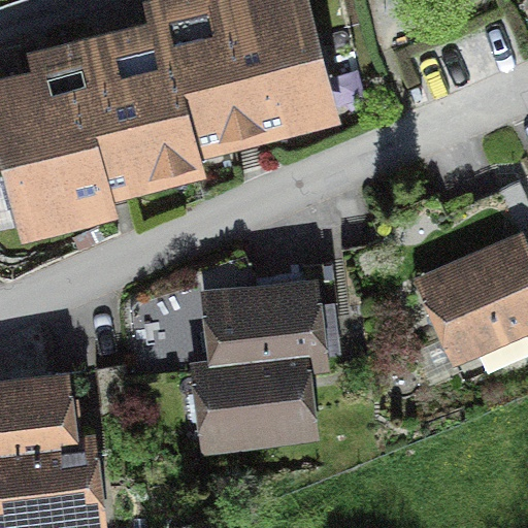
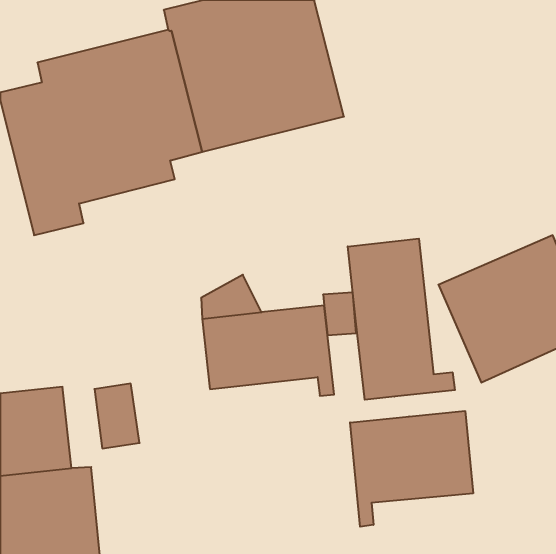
building: none -> [348,239,455,400]
building: [187,361,311,460] -> none
building: none -> [350,411,473,527]

